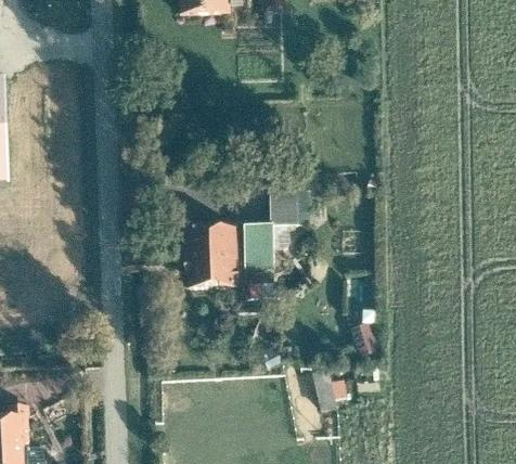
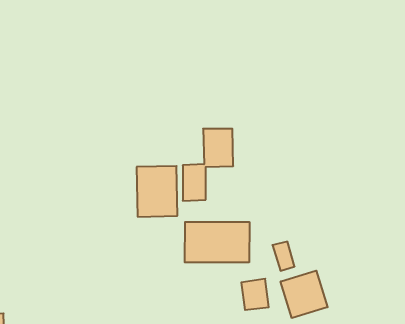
building: none -> [185,222,249,262]
building: none -> [281,271,328,318]

